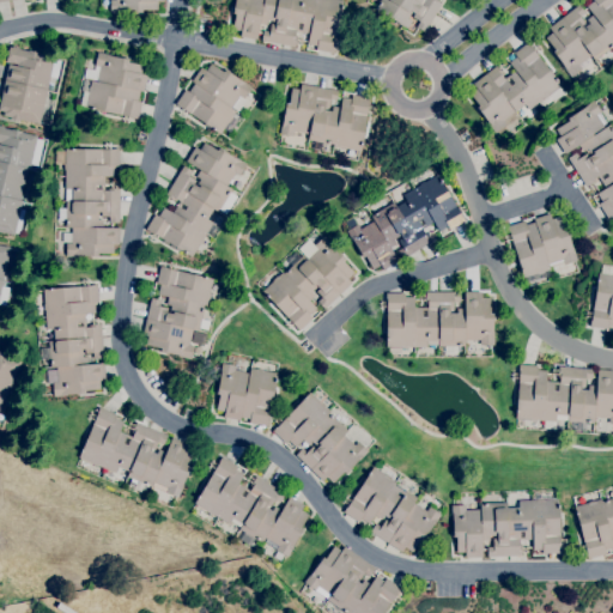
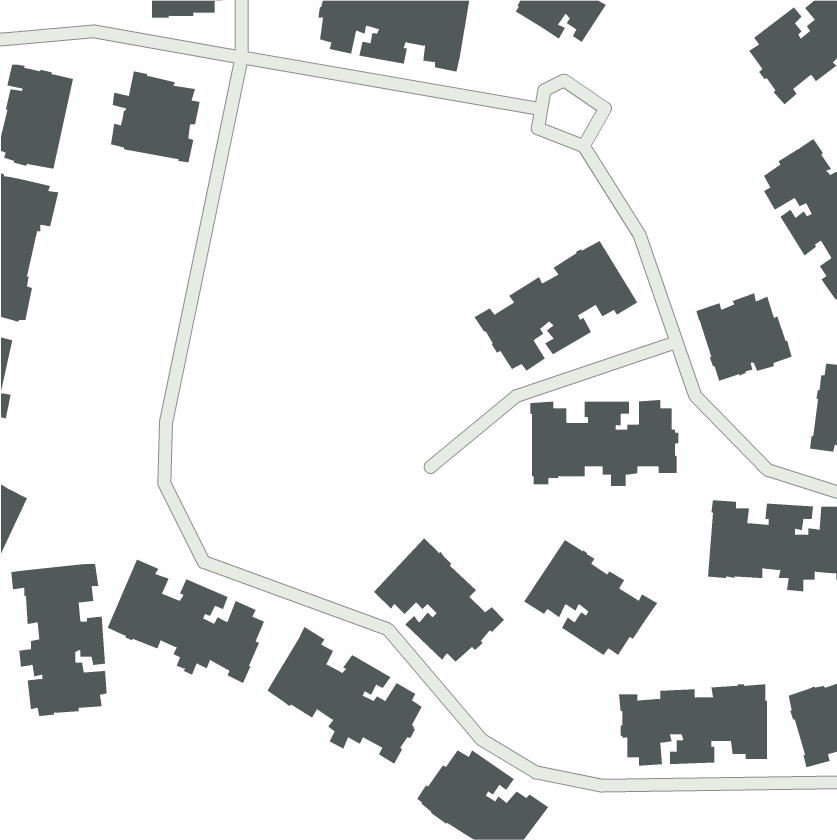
building: [472,42,563,134] -> none
building: [177,63,253,134] -> none
building: [281,84,371,152] -> none
building: [147,142,248,257] -> none
building: [57,148,122,256] -> none
building: [265,236,356,330] -> none
building: [144,266,214,359] -> none
building: [36,285,107,396] -> [10,564,107,716]
building: [218,363,279,426] -> none
building: [345,467,443,552] -> [523,539,658,656]

